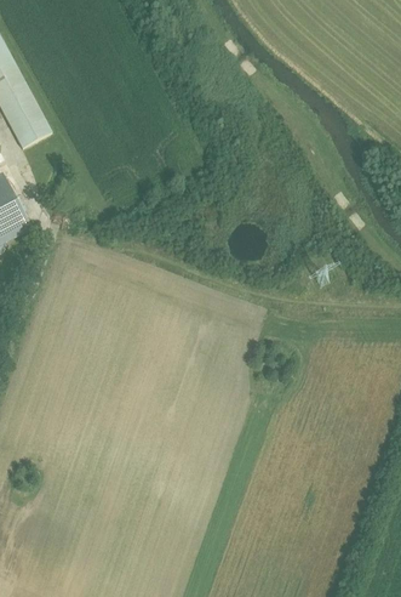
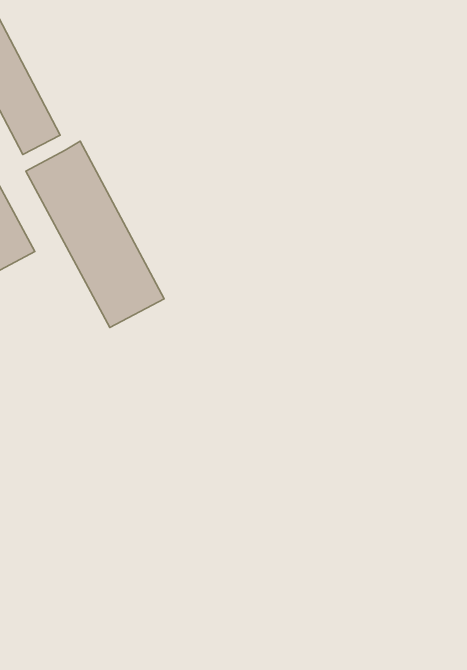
building: none -> [26,141,164,327]

